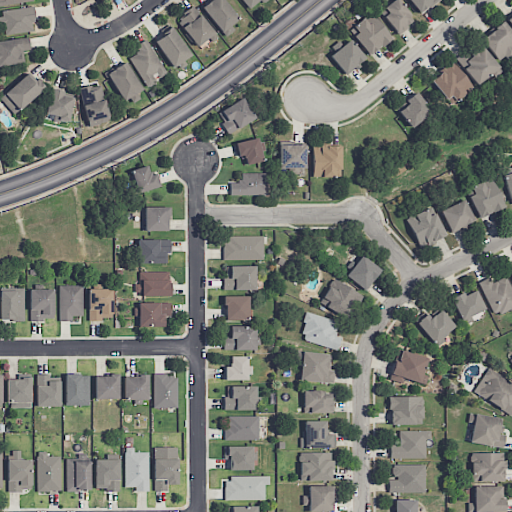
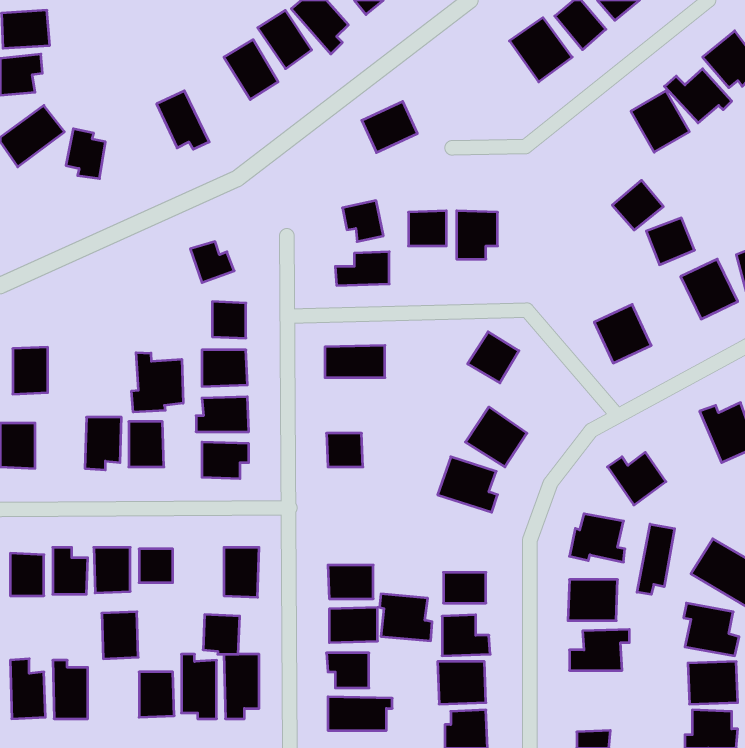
building: [131,39,168,87] -> none
building: [331,39,367,75] -> none
building: [80,81,111,126] -> none
building: [398,93,433,127] -> [612,180,663,230]
building: [218,98,256,133] -> [362,101,417,153]
building: [442,200,475,232] -> [646,218,695,265]
building: none -> [132,353,183,412]
building: [347,255,382,290] -> [468,332,519,383]
building: [226,266,256,289] -> none
building: [31,288,55,320] -> [13,347,48,394]
building: [452,290,486,320] -> none
building: [225,325,257,350] -> none
building: [300,351,336,383] -> [379,594,432,641]
building: [225,355,252,380] -> none
building: none -> [637,524,675,594]
building: [125,375,150,402] -> [203,615,240,654]
building: [67,459,92,491] -> [102,612,138,659]
building: [390,464,426,492] -> none

